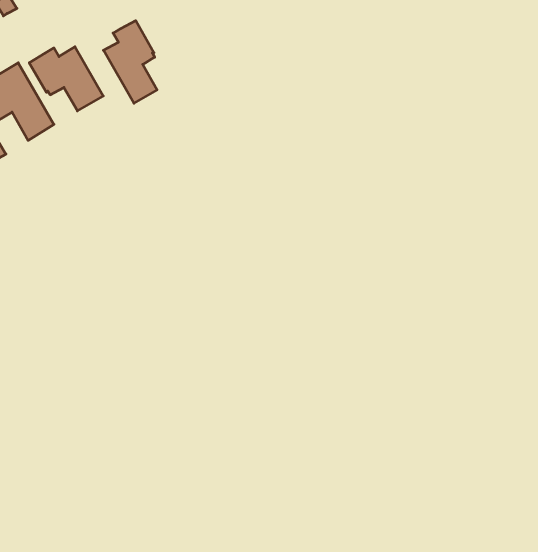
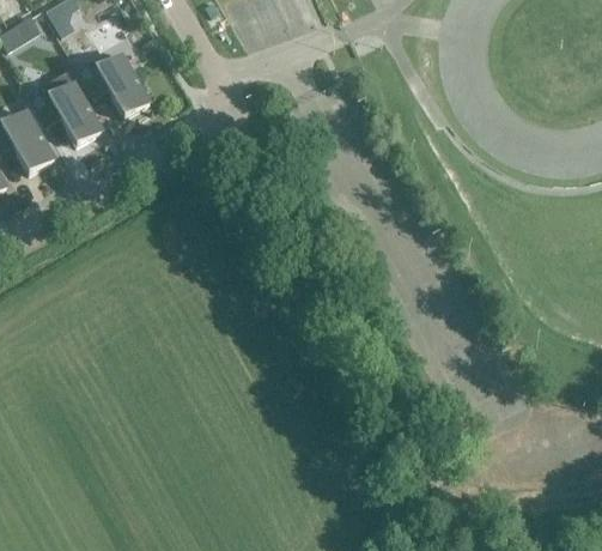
building: [103,21,157,103] -> none

